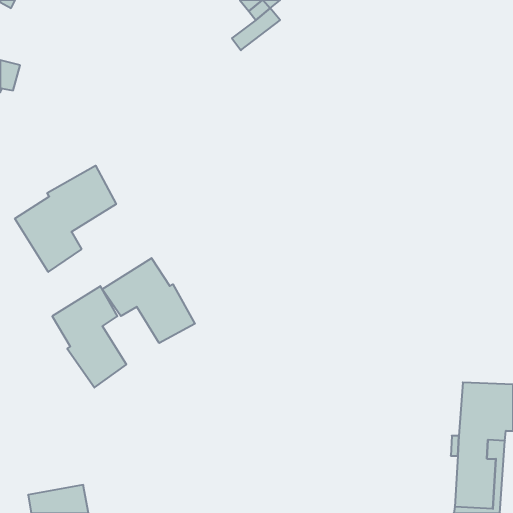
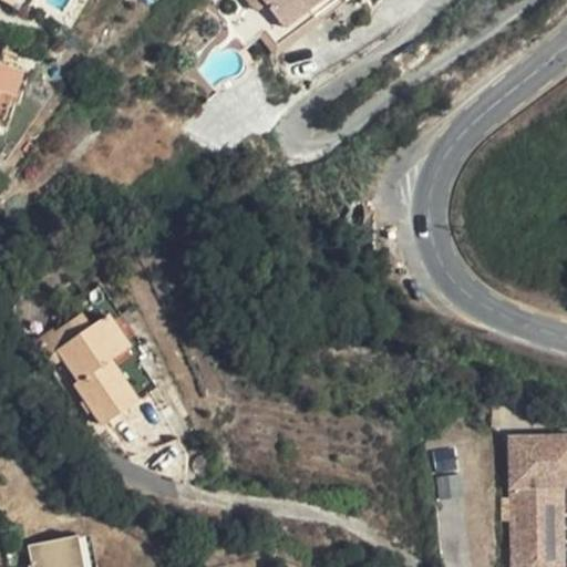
building: [15,166,116,272] -> none
building: [102,258,195,343] -> none

